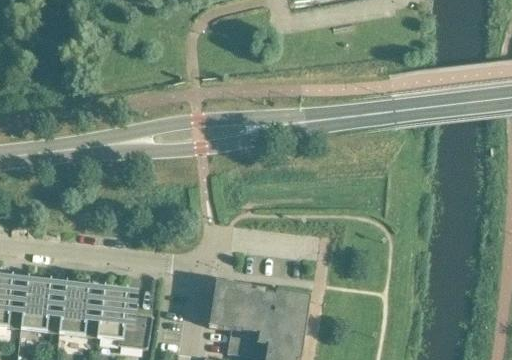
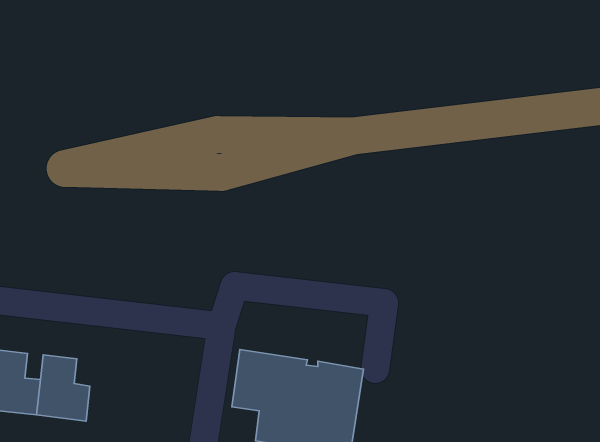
building: [97,290,152,347] -> none

